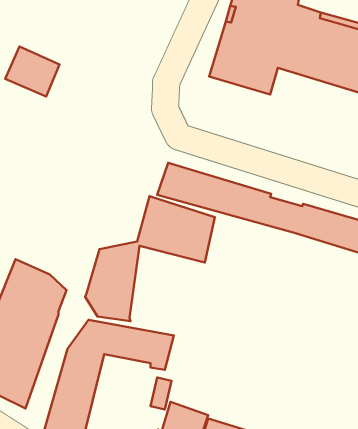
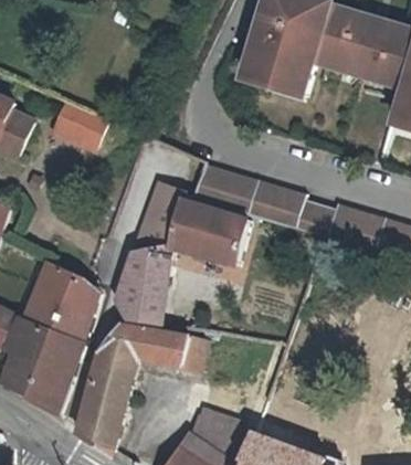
building: [5,47,60,96] -> [49,102,103,151]
building: none -> [133,189,183,252]

